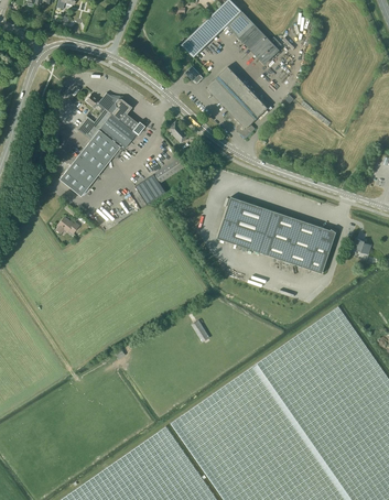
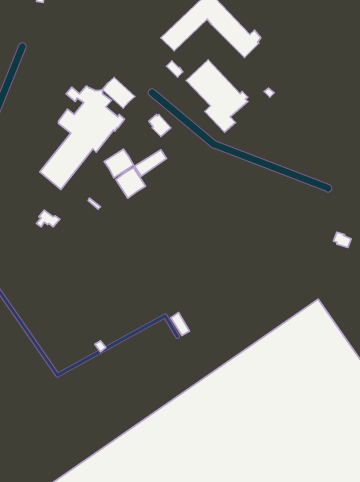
building: none -> [103,78,135,108]
building: none -> [104,149,133,178]
building: [217,196,336,273] -> none

